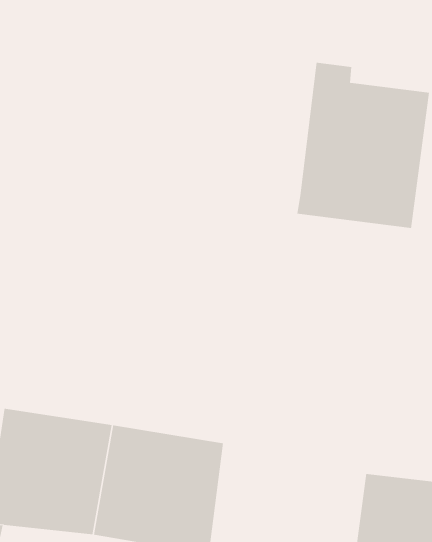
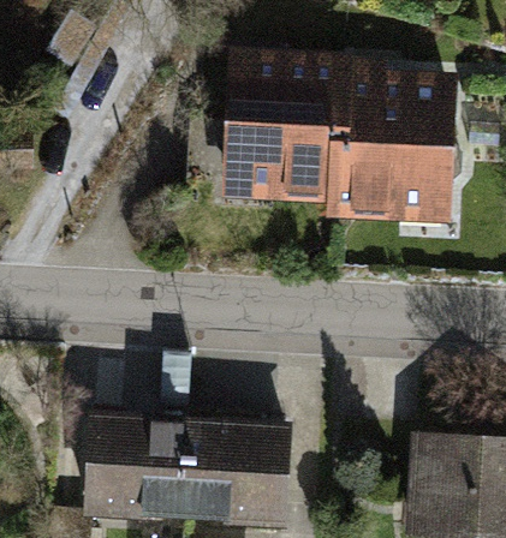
building: none -> [231,66,343,193]

